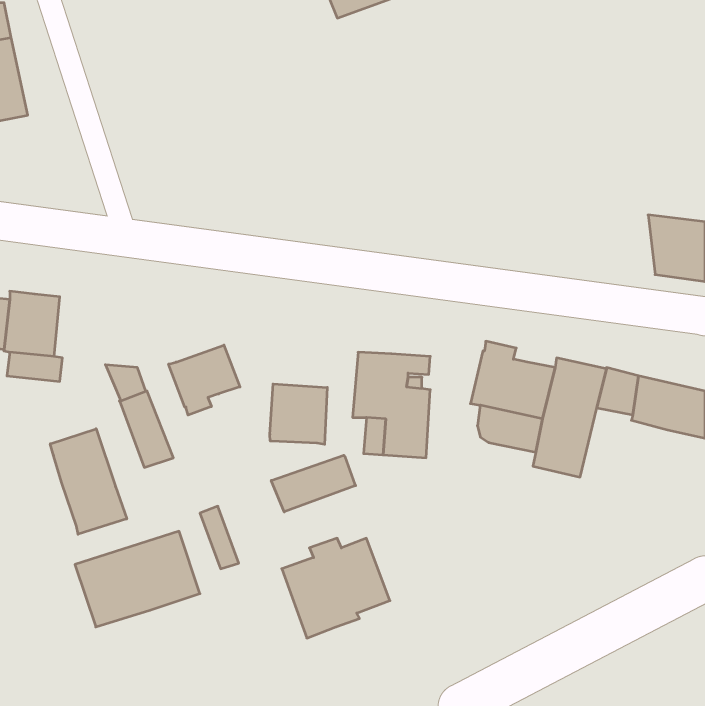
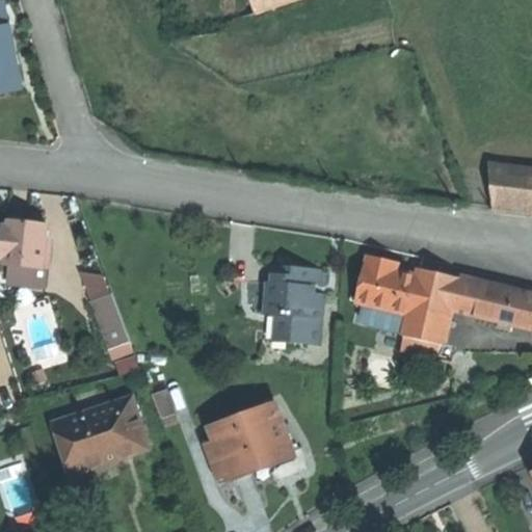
building: [169,345,240,415] -> none
building: [270,384,327,444] -> none
building: [50,429,127,534] -> none
building: [271,455,356,512] -> none

